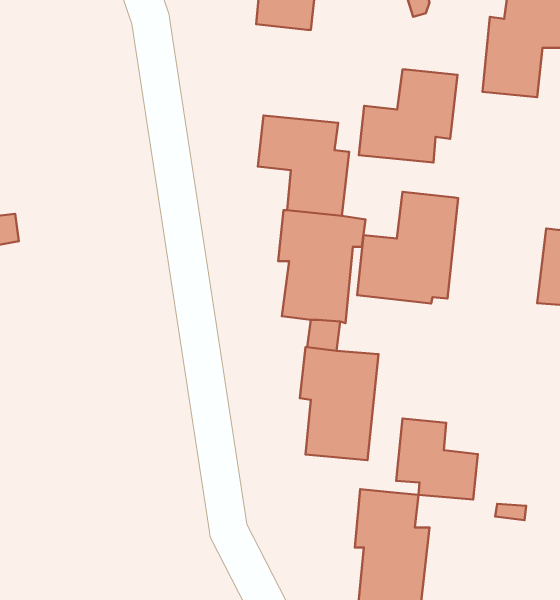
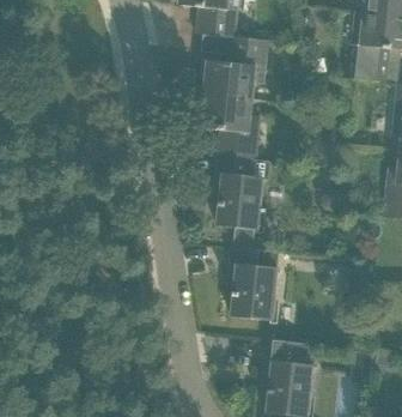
building: [359,70,457,163] -> [203,36,268,97]
building: [357,192,458,303] -> none
building: [396,419,478,500] -> none

